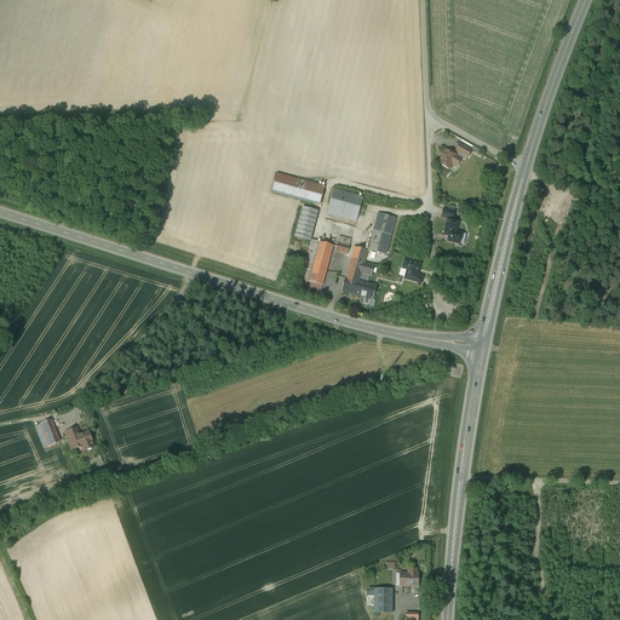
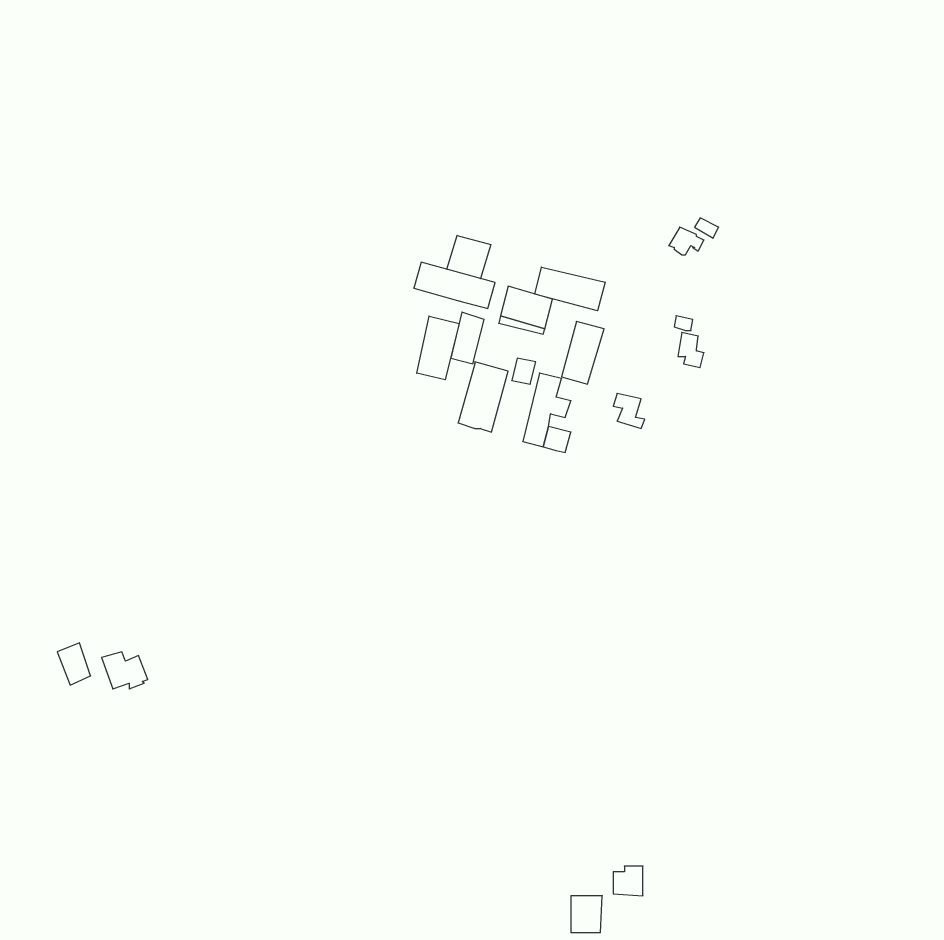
building: none -> [447,235,491,279]
building: none -> [535,267,605,311]
building: none -> [417,316,459,380]

